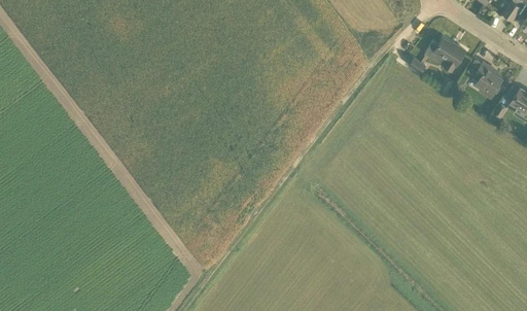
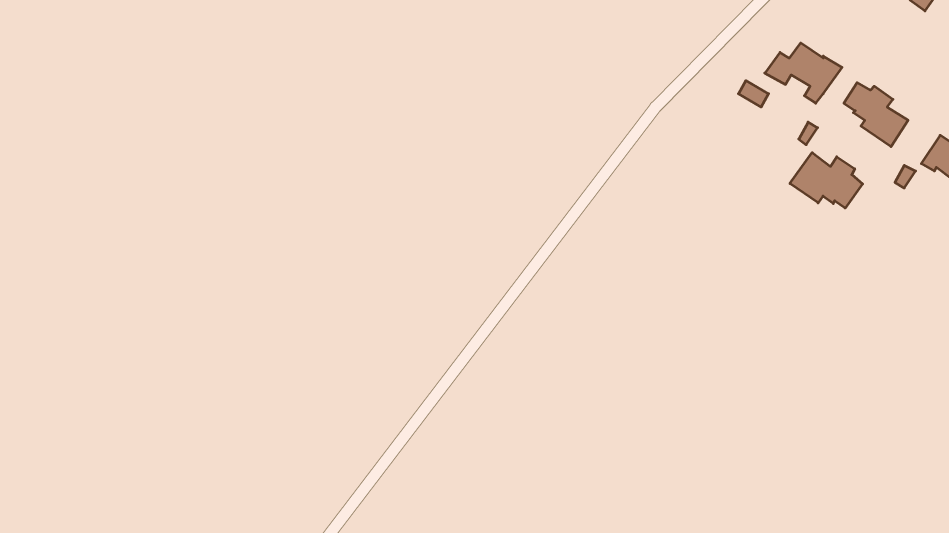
building: none -> [790,153,863,208]

